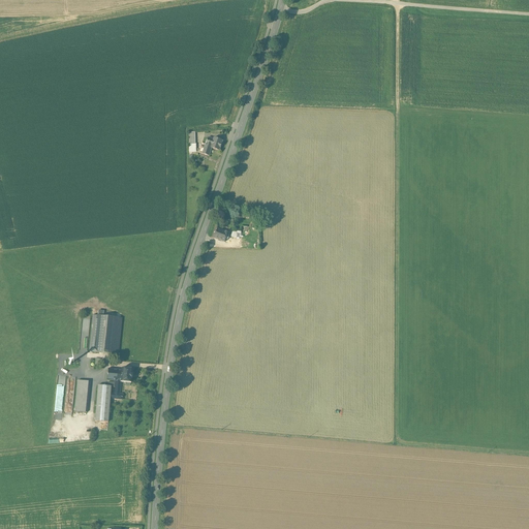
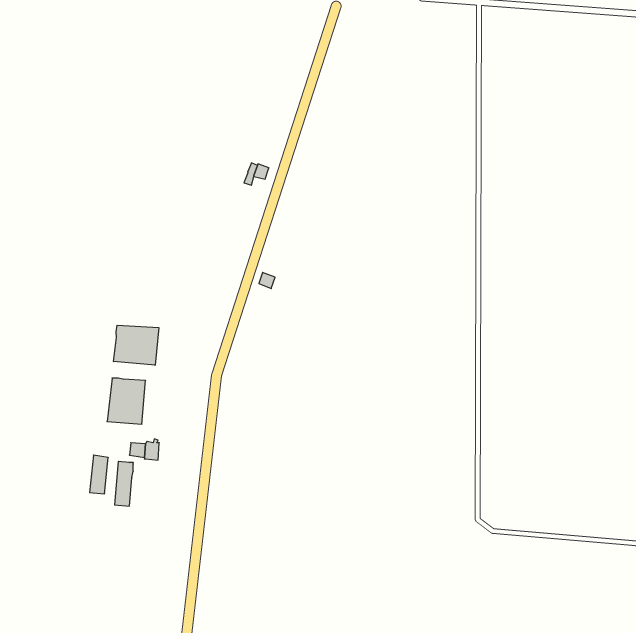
building: none -> [114,325,159,365]

